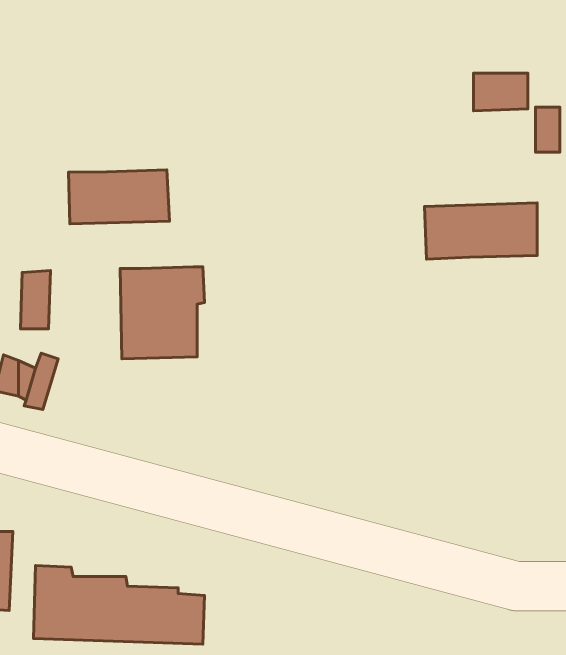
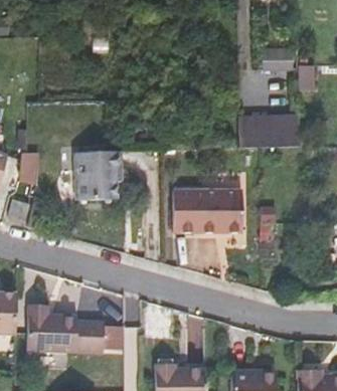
building: [69,170,170,224] -> none
building: none -> [173,189,242,231]

